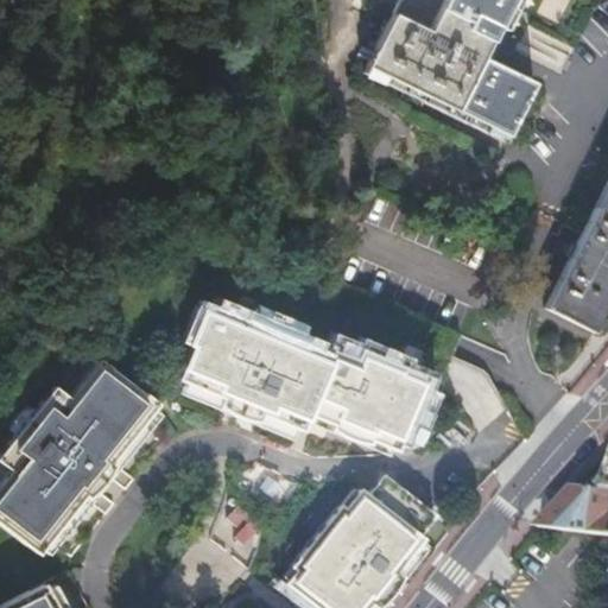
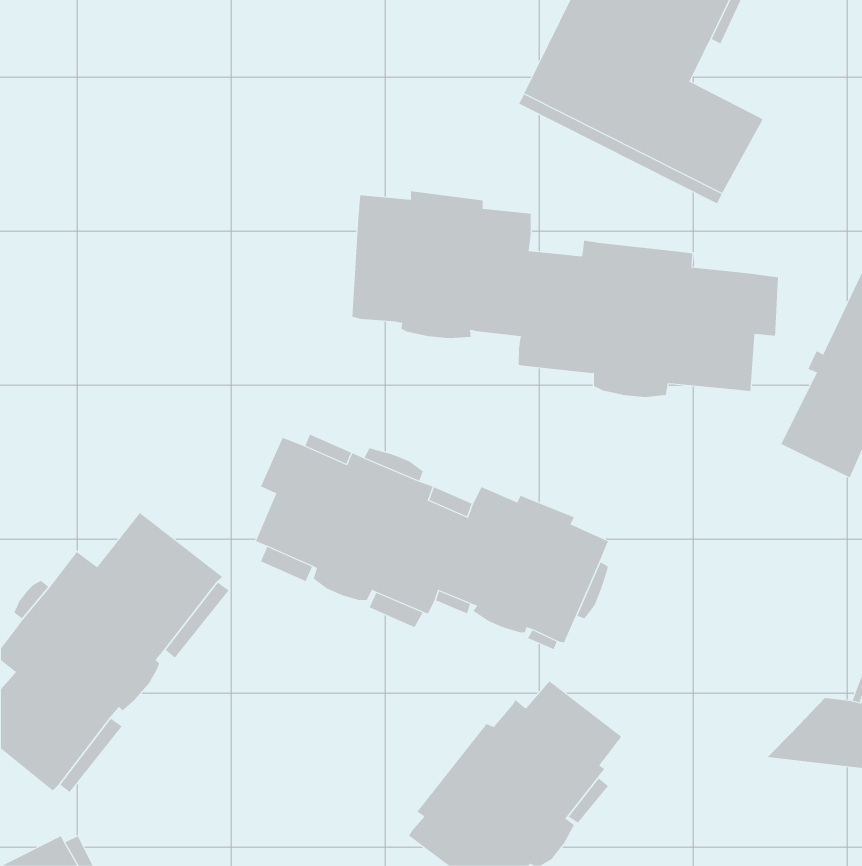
building: none -> [352,191,779,398]

